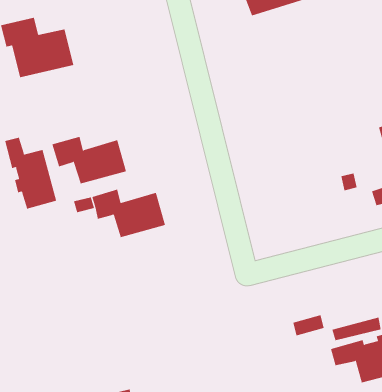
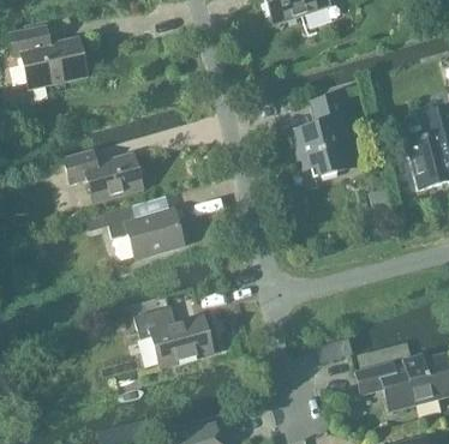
building: none -> [292,91,357,175]
building: [5,137,57,209] -> none
building: none -> [134,305,212,364]

